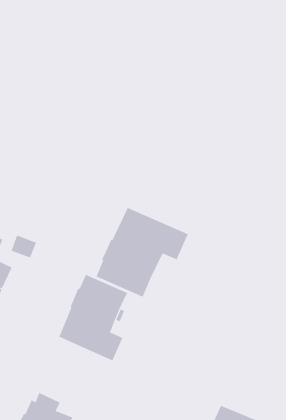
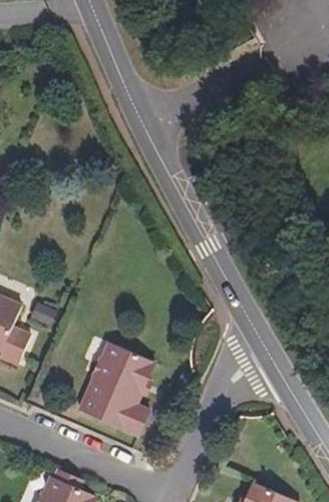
building: [96,207,188,298] -> none

